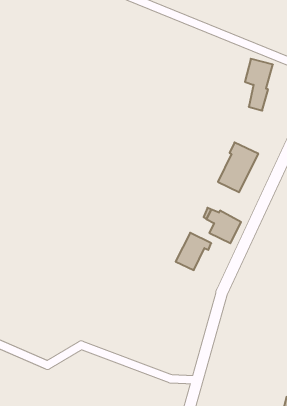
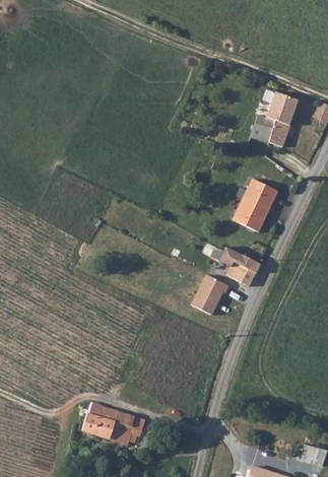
building: none -> [252,114,273,142]
building: none -> [82,403,137,446]

